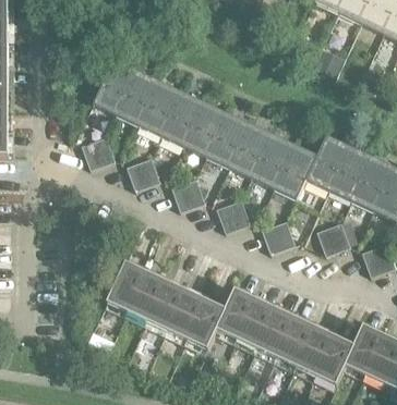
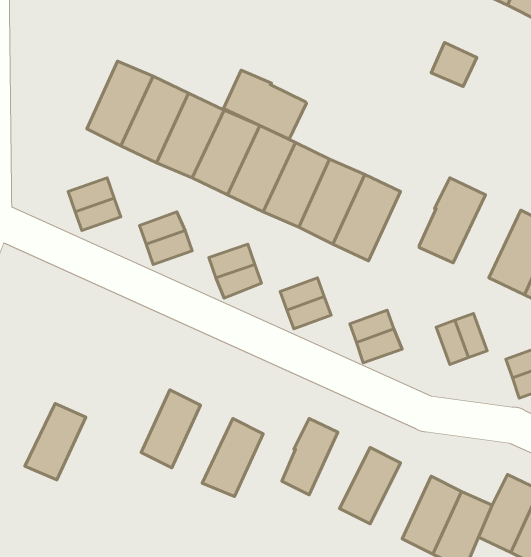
building: none -> [223,70,307,139]
building: [273,144,316,199] -> none
building: [327,146,371,199] -> none
building: [106,262,145,311] -> [25,404,86,480]
building: [146,281,185,331] -> none
building: [234,298,274,347] -> none
building: [187,299,226,349] -> none
building: [274,318,313,367] -> none

